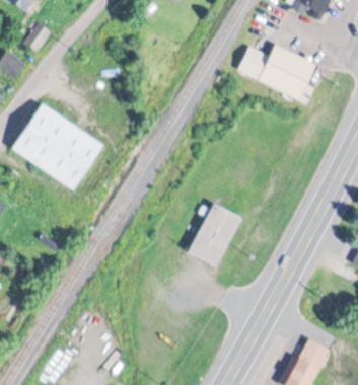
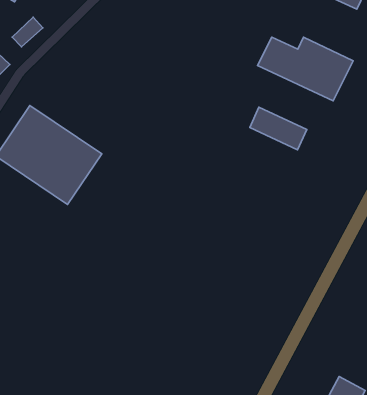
building: none -> [250,107,307,150]
building: [188,204,239,265] -> none

